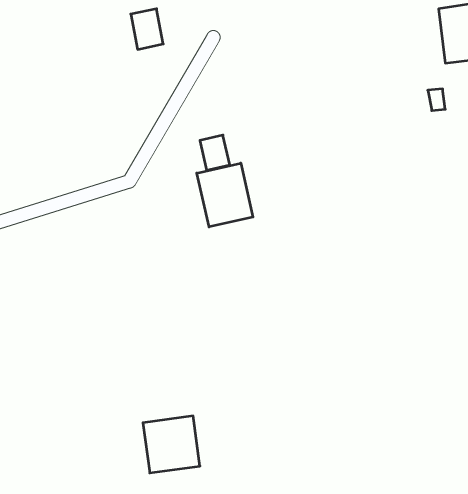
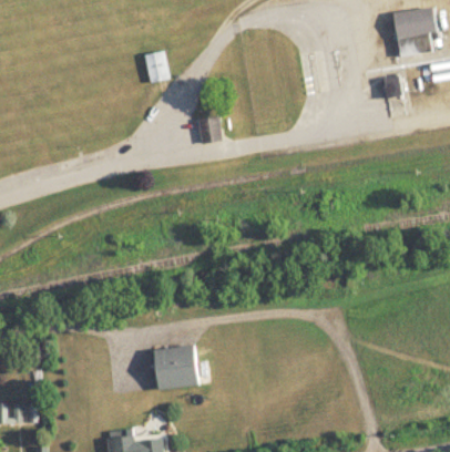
building: [131,9,163,49] -> [144,49,171,82]
building: [197,163,253,227] -> none

